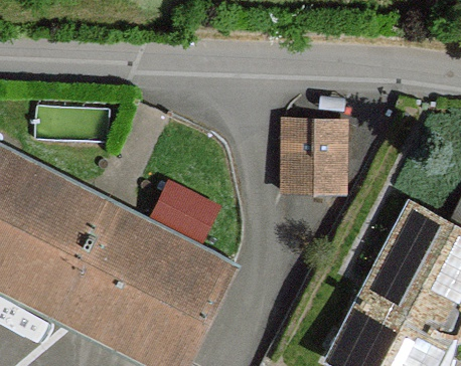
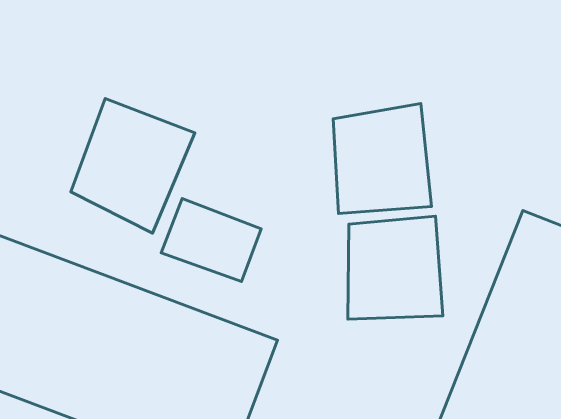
building: none -> [71,99,195,233]
building: none -> [348,216,443,319]

